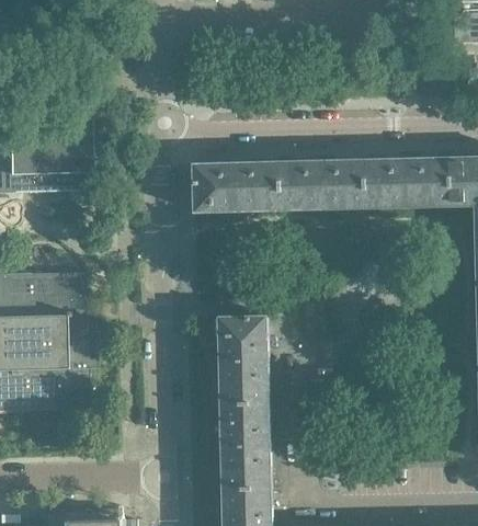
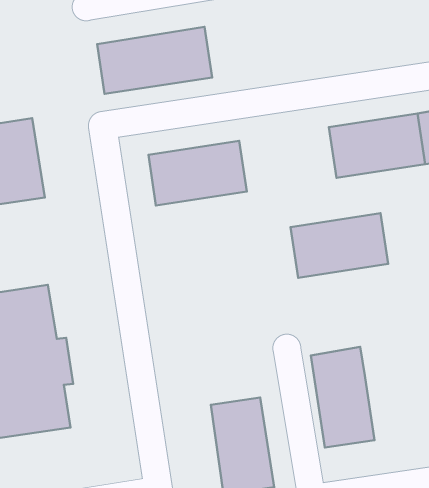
building: none -> [97,27,212,94]
building: [277,159,364,209] -> [291,213,388,278]
building: [217,315,266,404] -> [311,347,374,448]

